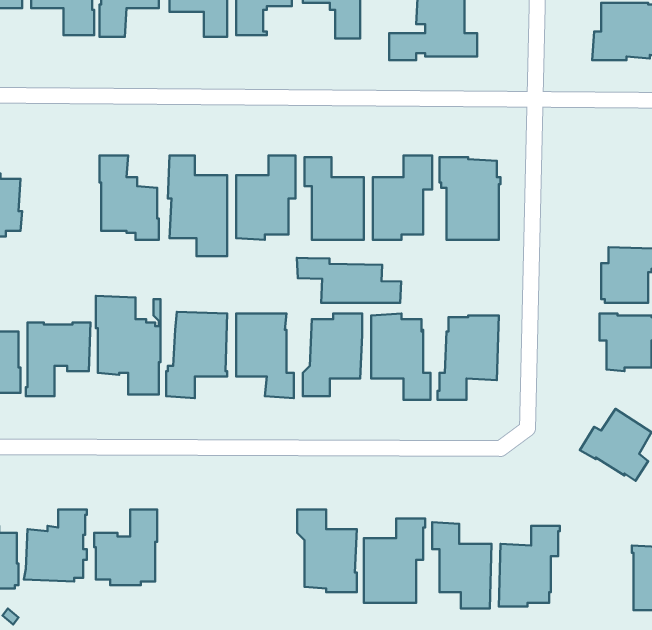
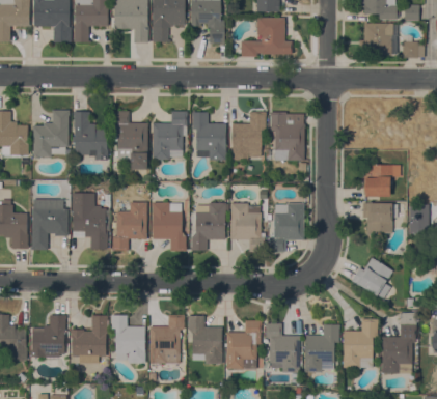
building: none -> [32,110,70,159]
building: [297,258,401,303] -> none
building: none -> [149,314,185,363]
building: none -> [111,315,145,363]
building: none -> [343,319,378,367]

